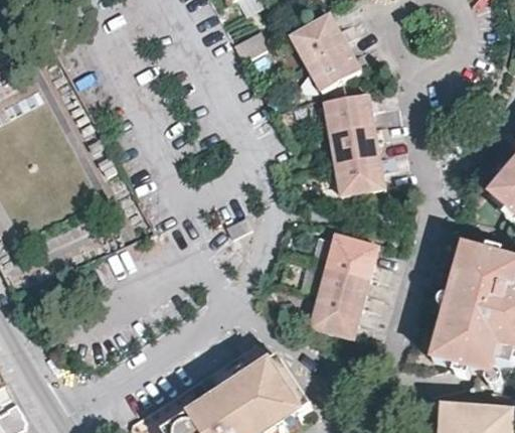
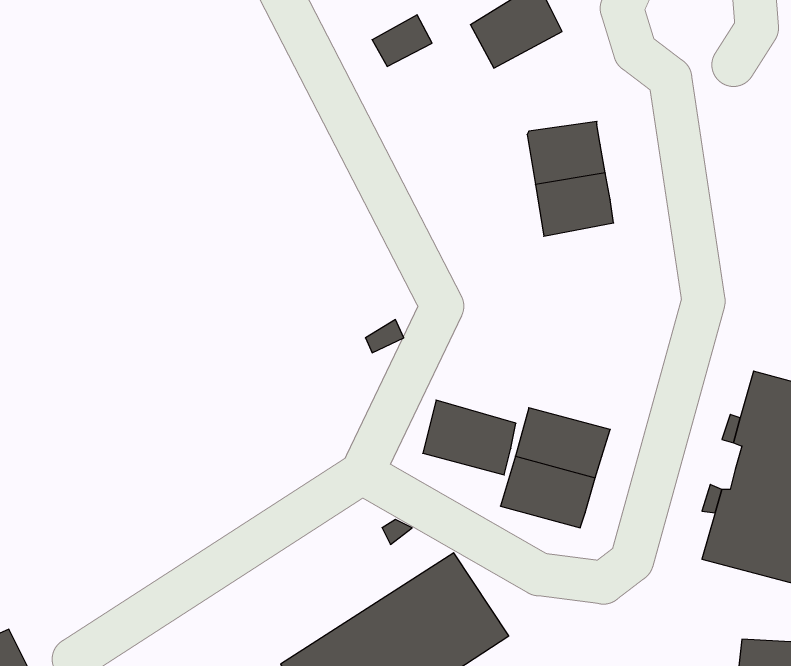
building: [303,38,358,91] -> none
building: [333,154,381,194] -> none
building: [324,234,380,279] -> [423,400,516,475]

